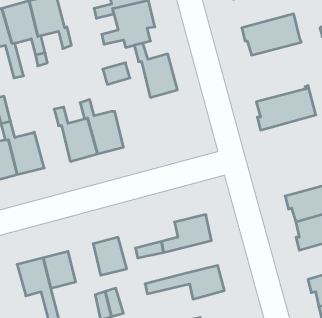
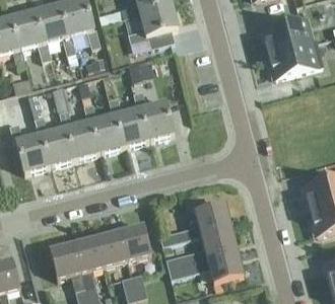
building: [134,43,177,97] -> [133,88,174,139]
building: [256,86,316,130] -> [268,37,324,79]
building: none -> [59,107,98,158]
building: none -> [166,226,237,267]
building: none -> [96,229,127,264]

